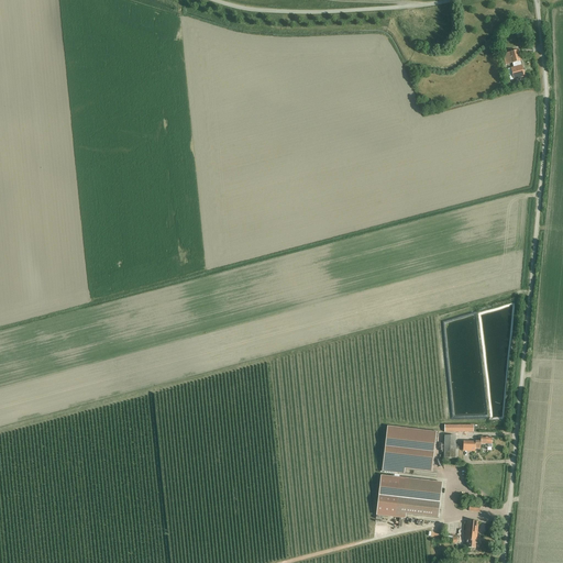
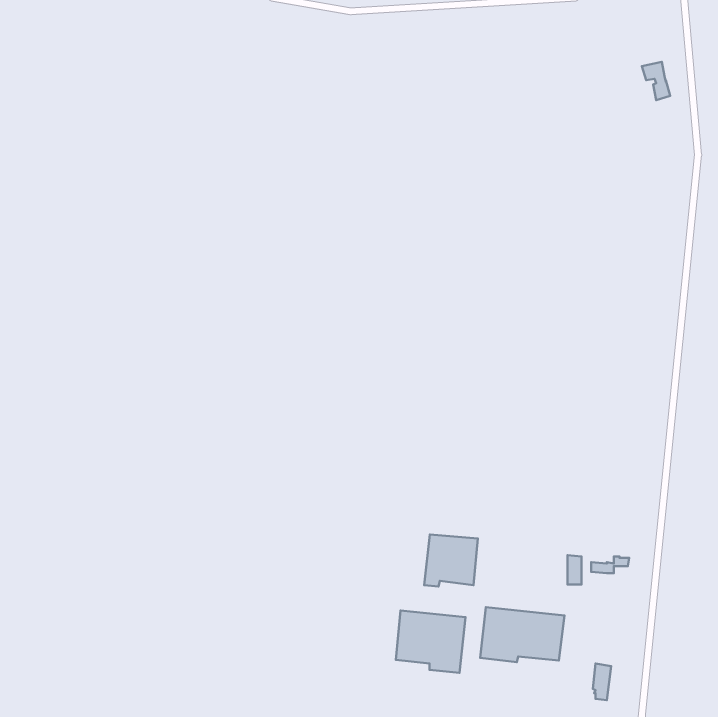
building: [391,431,433,472] -> [424,534,478,587]
building: none -> [396,610,465,673]

